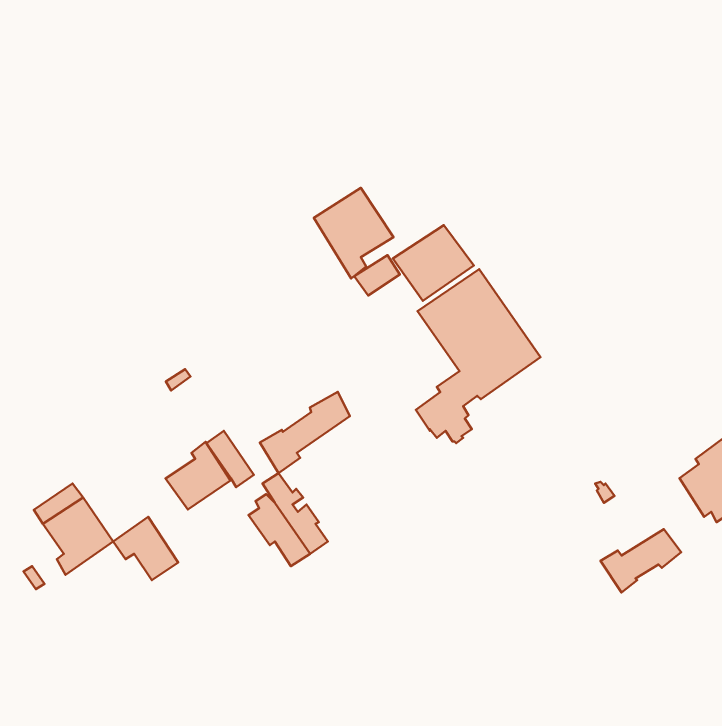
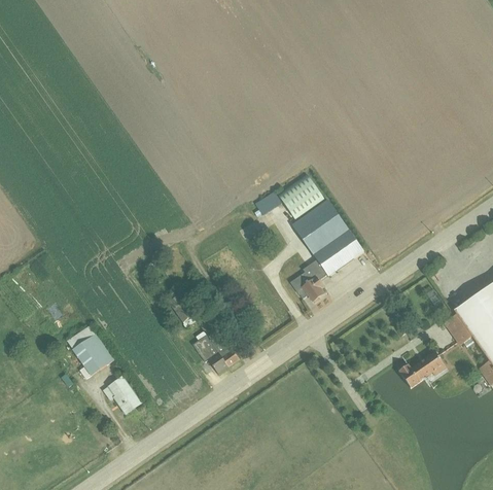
building: [314,188,394,278] -> none
building: [260,392,350,473] -> none
building: [165,442,231,510] -> none
building: [113,517,178,580] -> [103,376,141,413]

